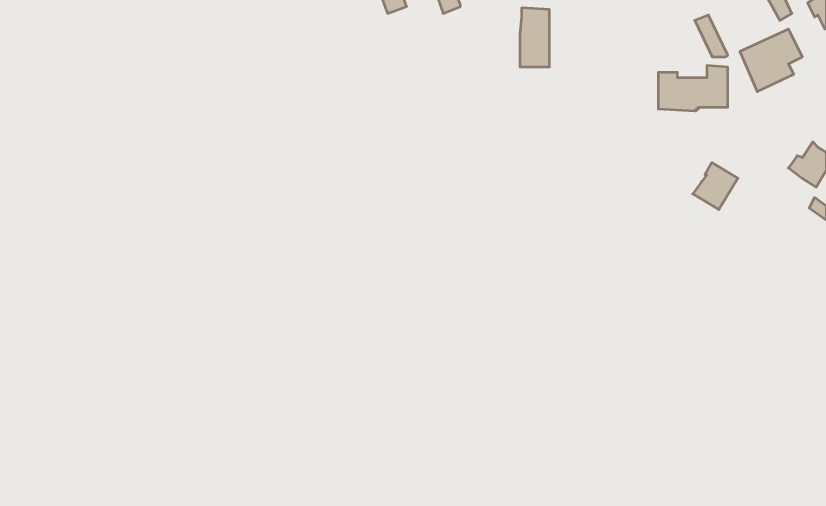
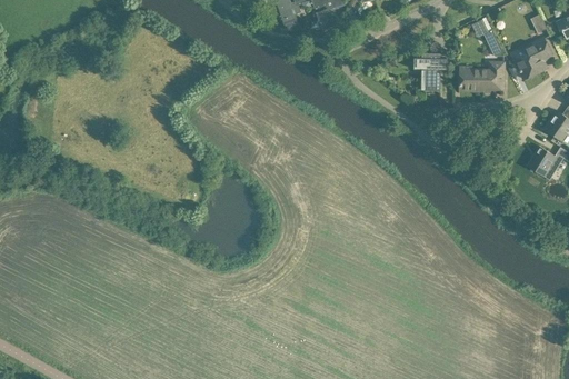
building: [520,8,549,67] -> [420,52,439,90]
building: [693,163,738,210] -> [526,146,555,176]

